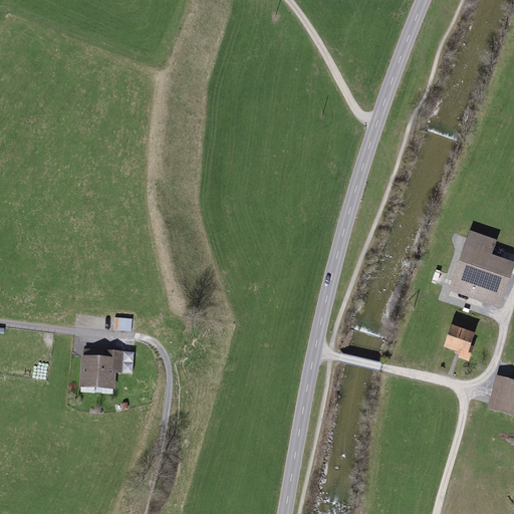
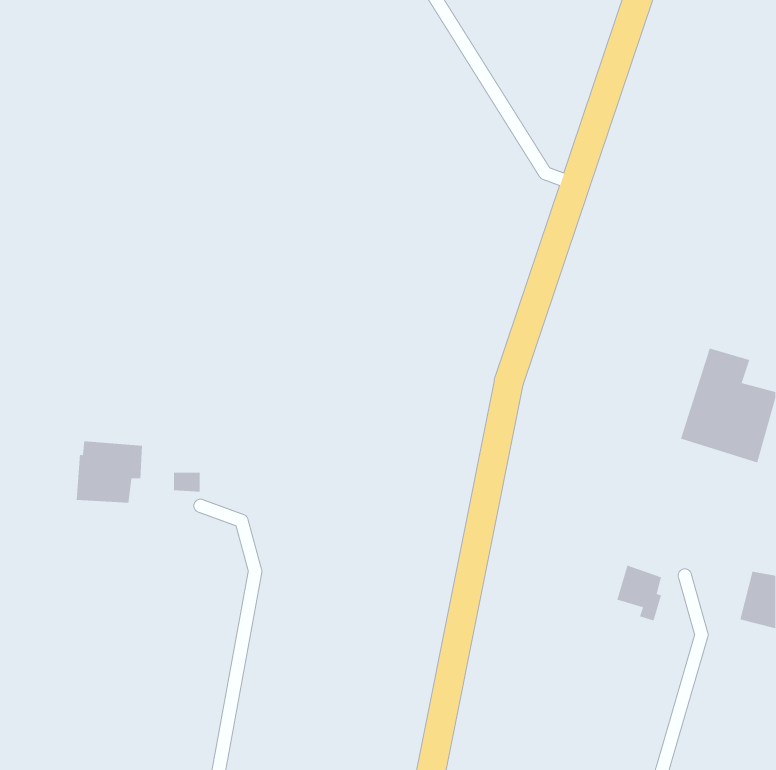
building: [444,325,474,362] -> [616,565,662,621]
building: [79,347,123,389] -> [76,441,143,503]

